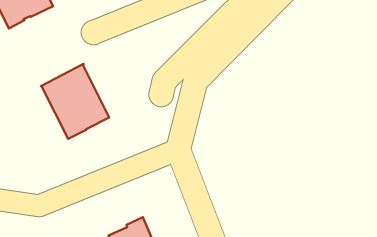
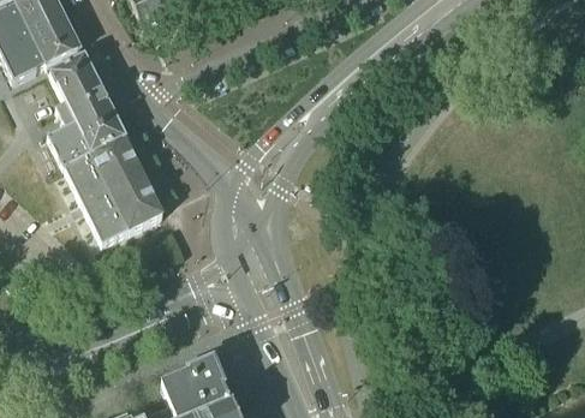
building: none -> [47,50,125,163]

